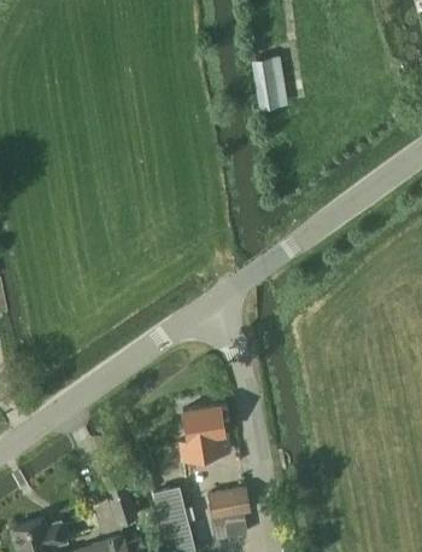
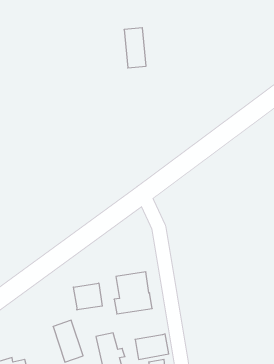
building: [253,56,282,109] -> [124,28,146,68]
building: none -> [73,283,102,310]

